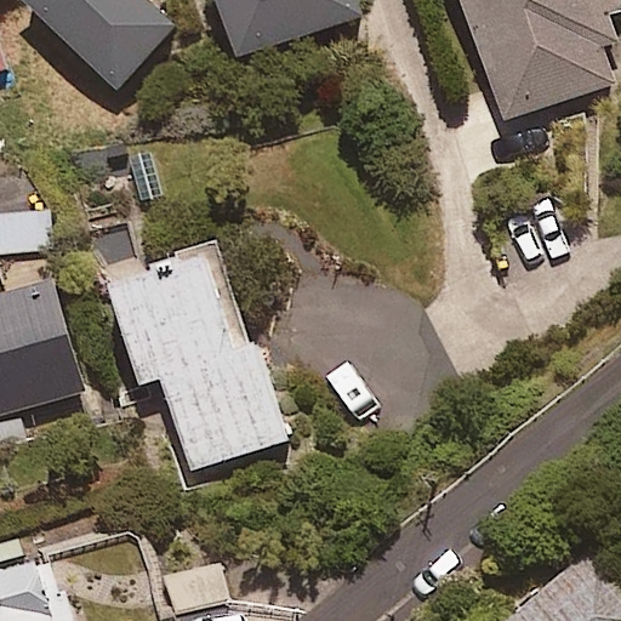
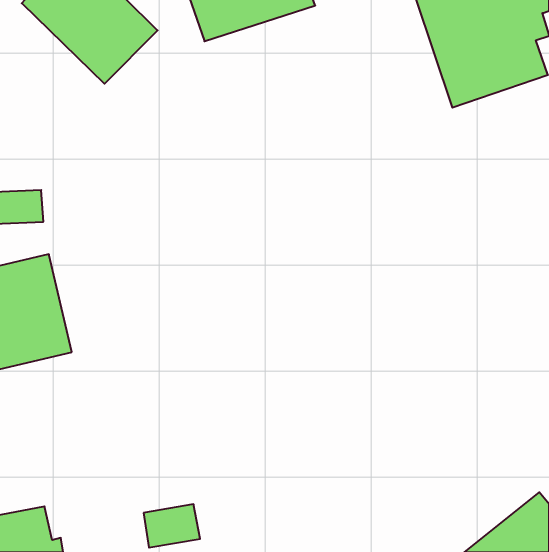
building: [113,258,286,471] -> none

